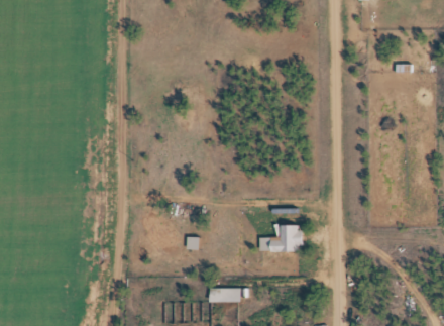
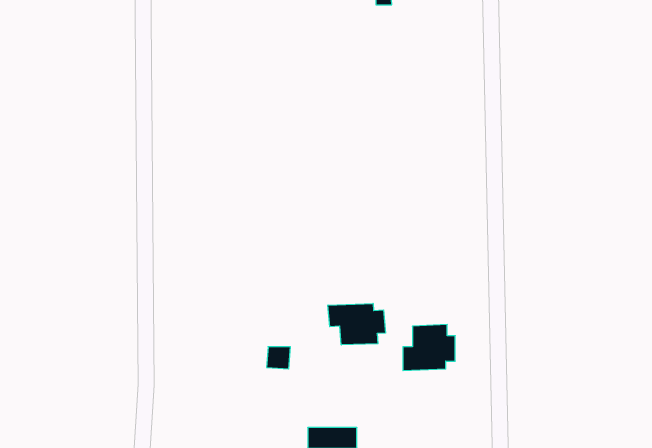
building: none -> [328,303,385,345]

